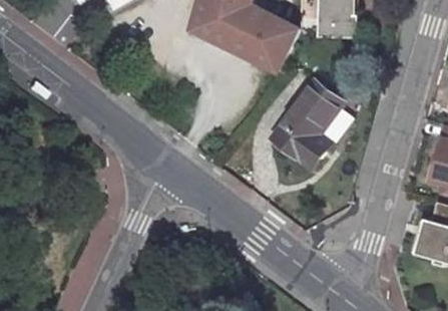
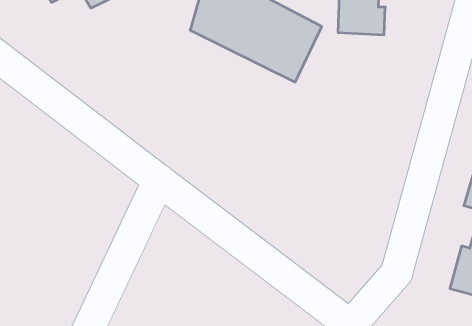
building: [269,77,348,172] -> none

